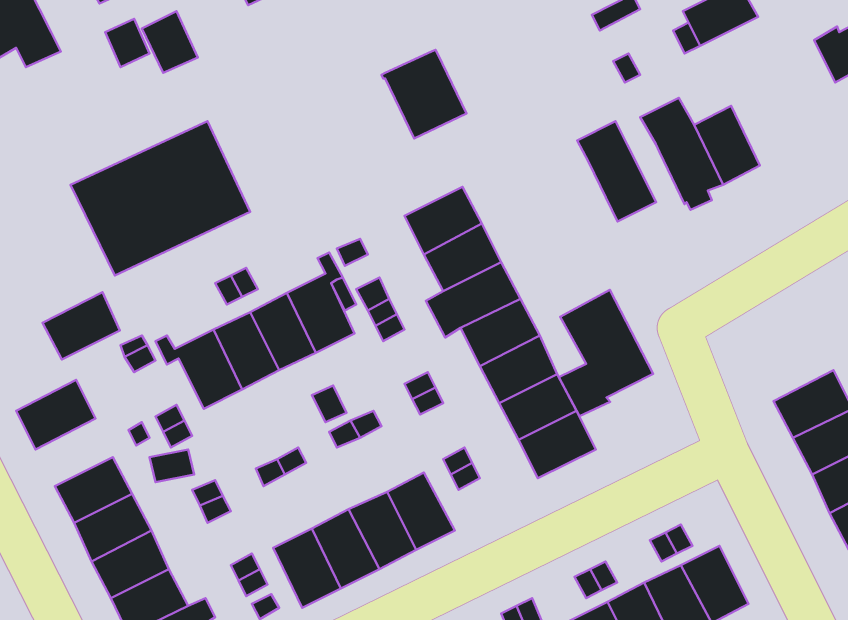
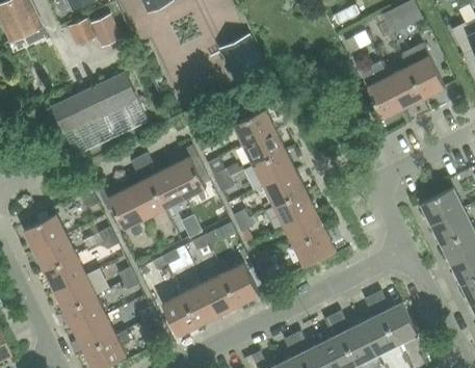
building: [577,121,656,222] -> [401,45,444,99]
building: [559,290,653,416] -> none
building: [43,292,120,360] -> [33,235,75,271]
building: none -> [420,189,463,226]

